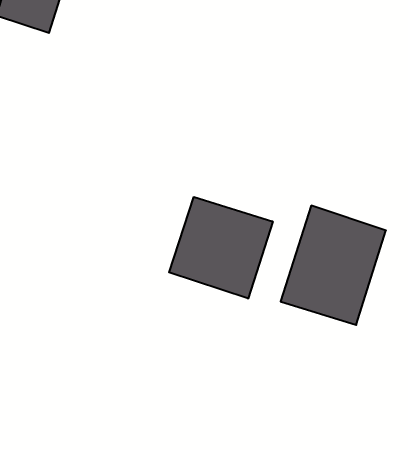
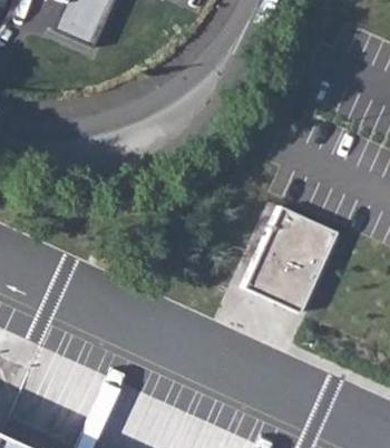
building: [169,197,273,299] -> none

